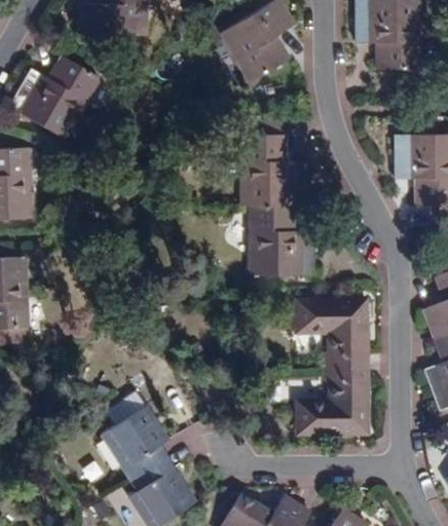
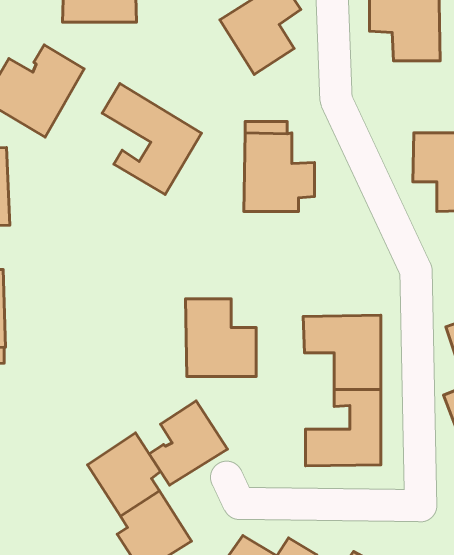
building: none -> [102,83,202,195]
building: [251,205,314,275] -> [186,299,256,377]
building: none -> [149,401,227,485]

